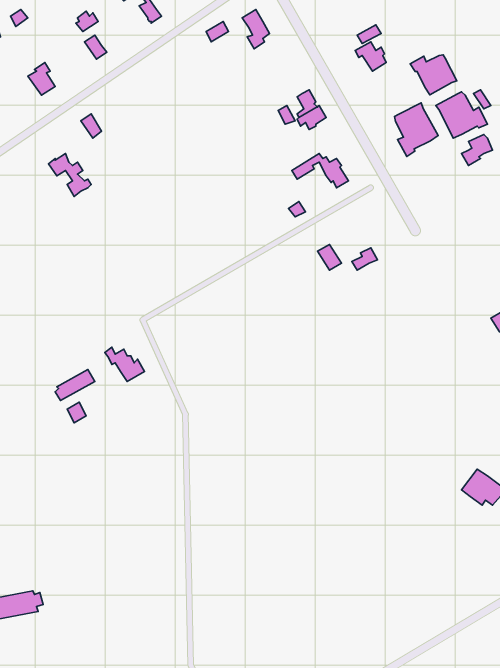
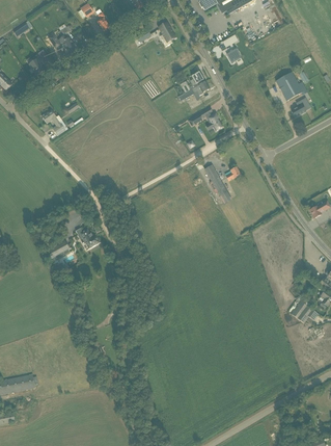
building: [410,55,457,95] -> none
building: [395,103,438,156] -> none

